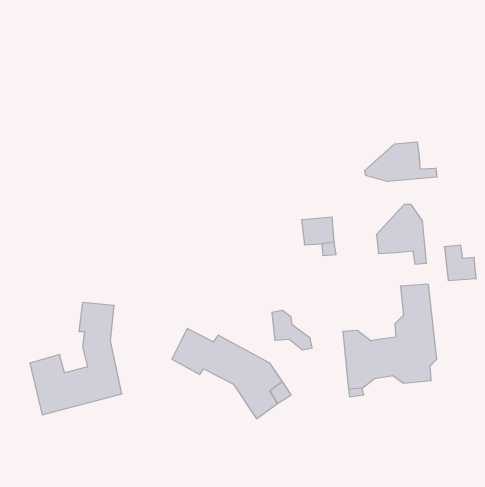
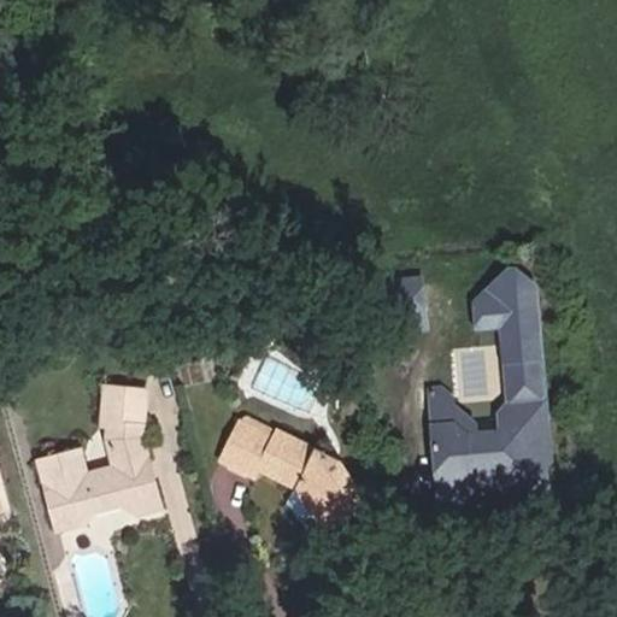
building: [365,142,437,182] -> none
building: [444,245,476,281] -> [498,319,537,364]
building: [272,310,312,350] -> [427,383,477,433]

